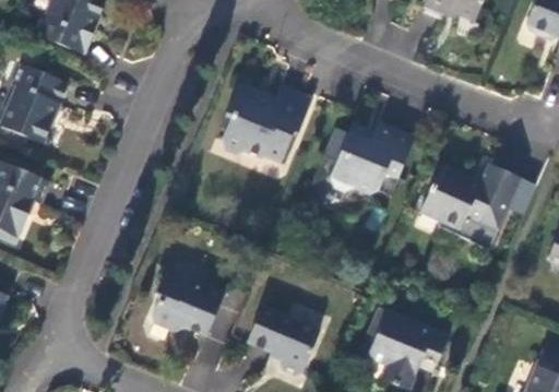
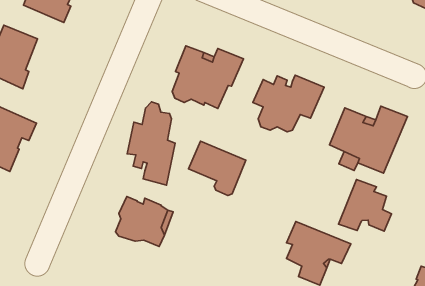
building: none -> [127,102,175,185]
building: none -> [339,180,391,231]
building: [248,307,321,376] -> [188,141,246,195]

